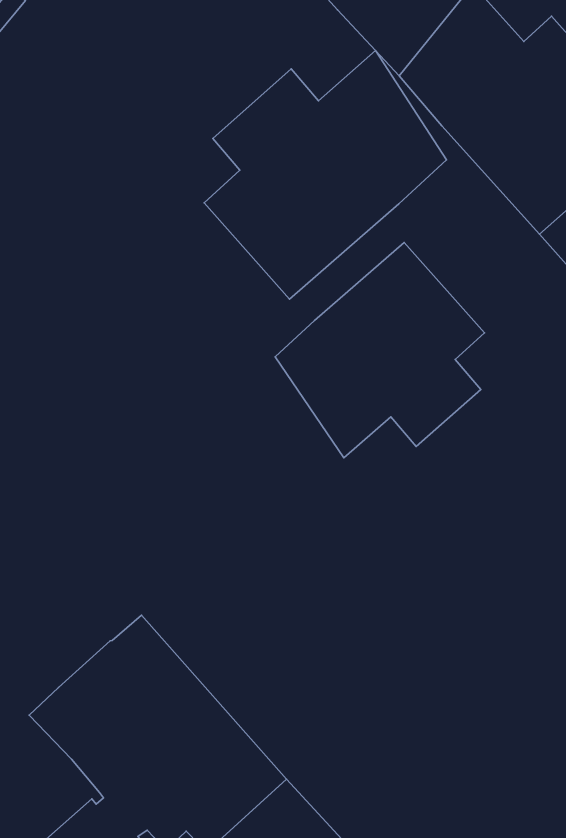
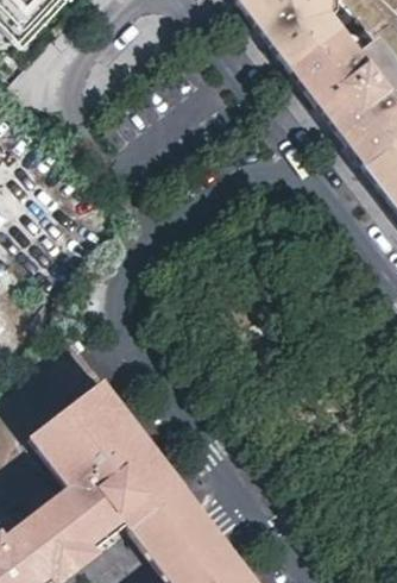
building: [204,51,447,299] -> none
building: [275,242,485,458] -> none

